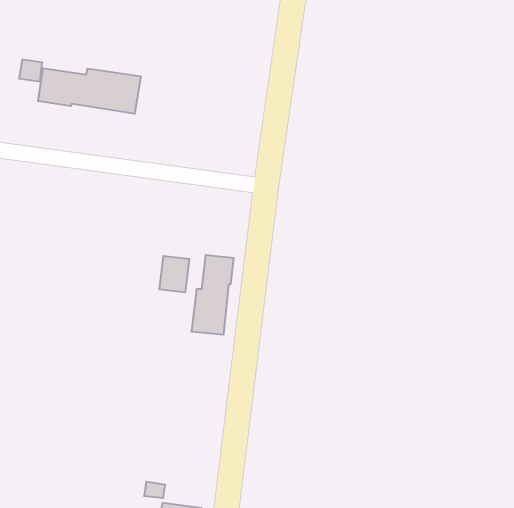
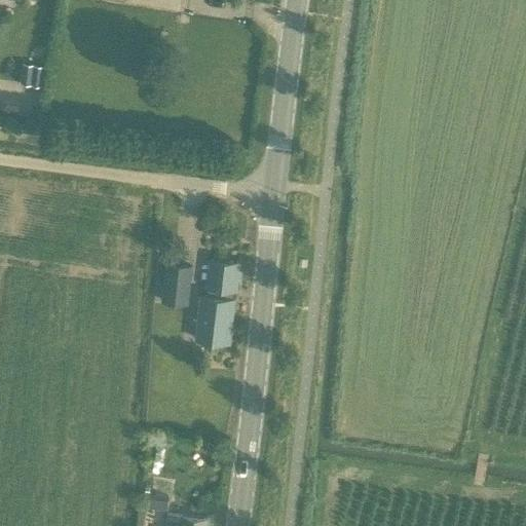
building: [38,68,141,114] -> none

